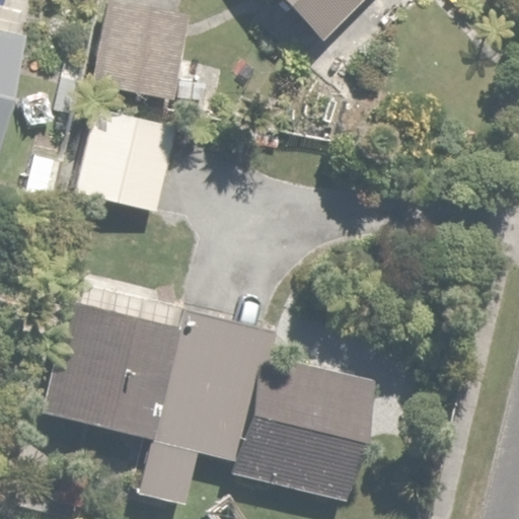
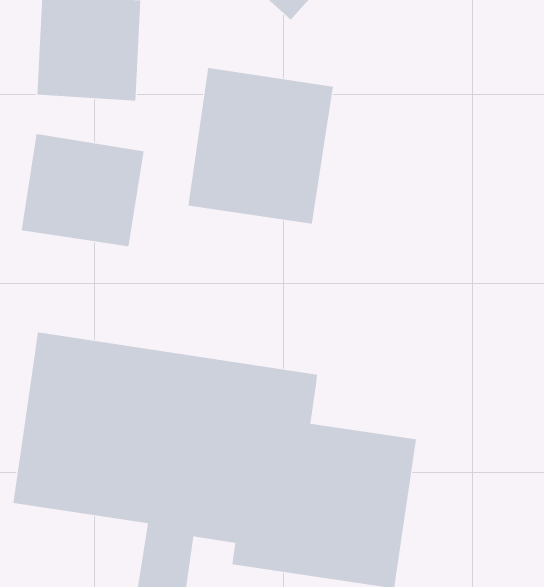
building: none -> [188,67,333,225]

